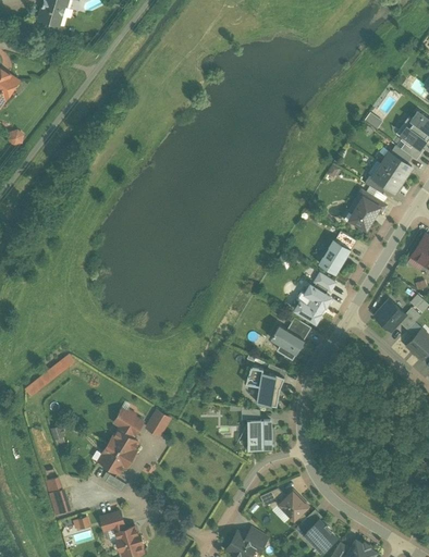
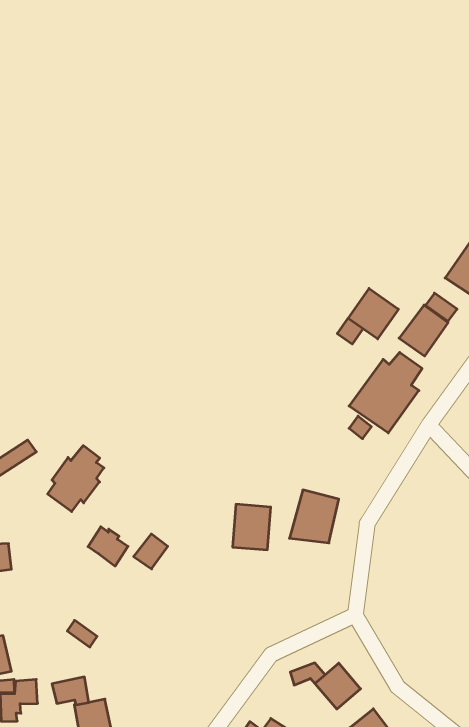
building: none -> [348,288,398,339]
building: [269,326,302,355] -> none
building: [246,420,270,449] -> [233,504,271,550]
building: [101,426,138,472] -> [48,446,104,512]

